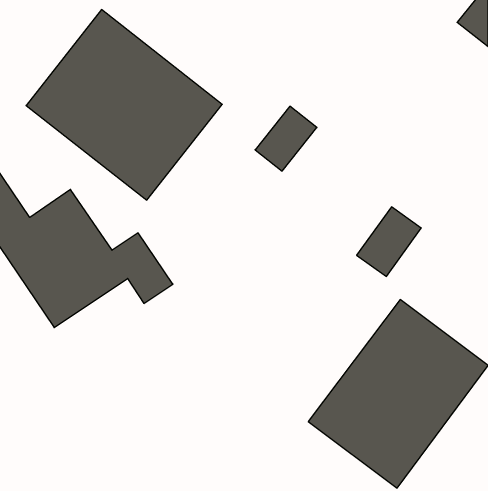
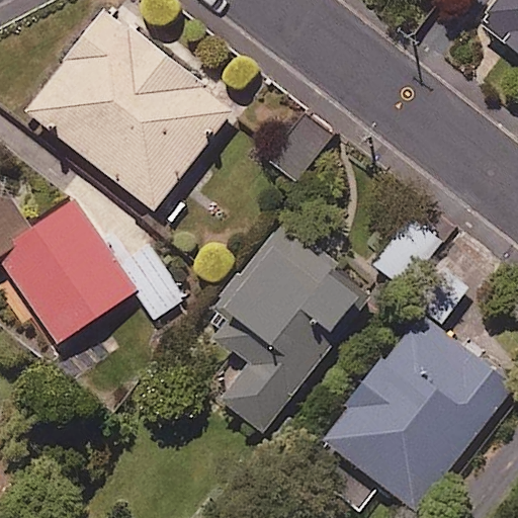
building: none -> [199,215,385,433]

